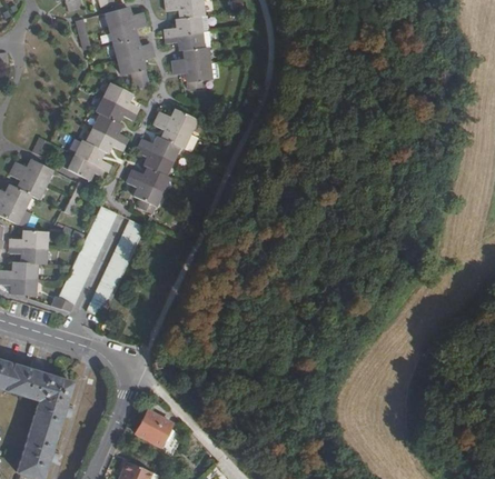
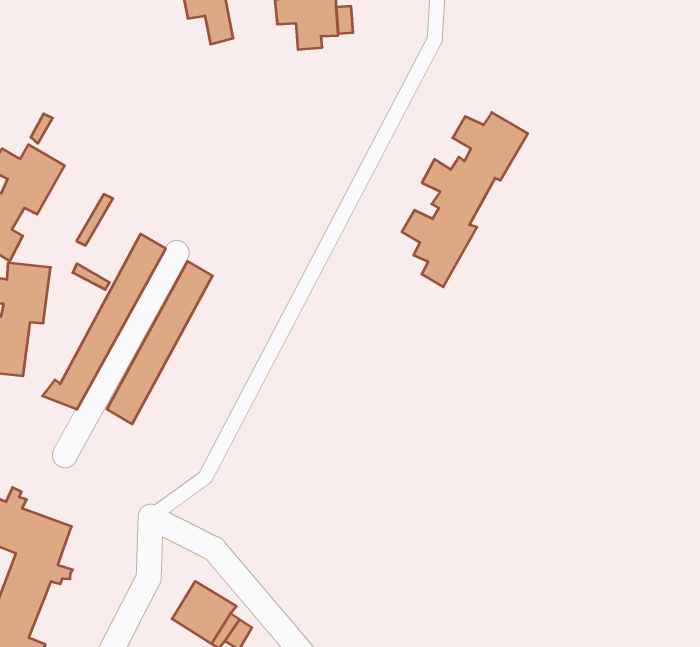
building: [67,83,138,181] -> none
building: [125,109,196,214] -> [402,112,528,287]

